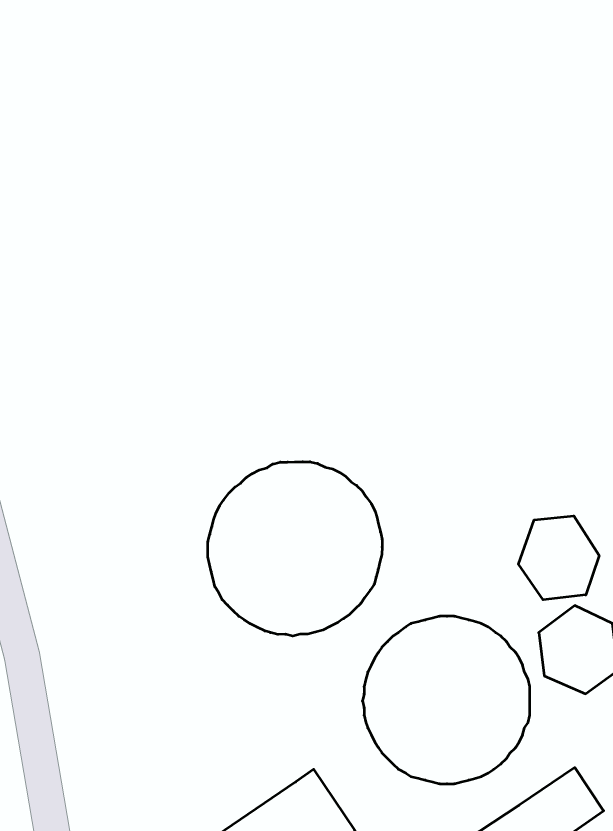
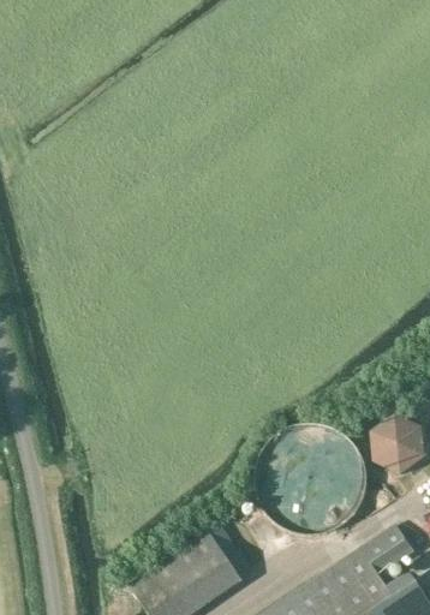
building: [208,462,382,636] -> none
building: [518,516,599,600] -> none

